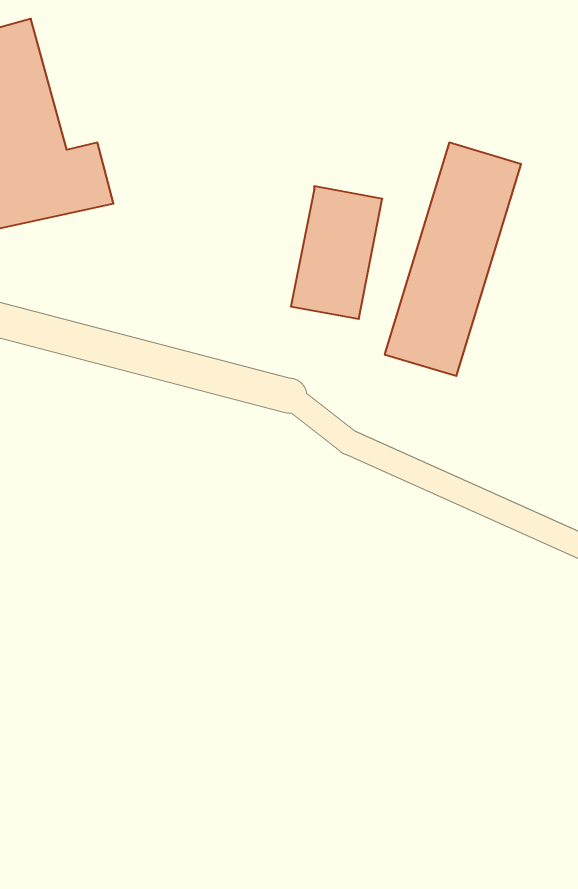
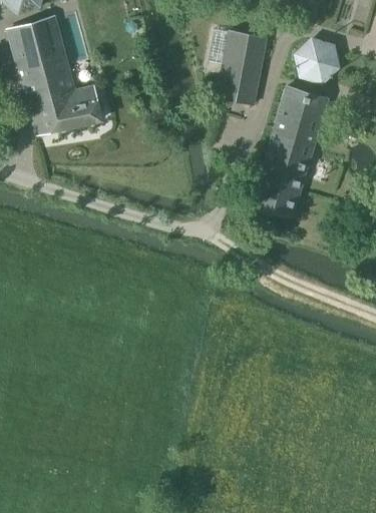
building: none -> [294,36,340,84]
building: [291,186,382,319] -> [216,29,267,103]

